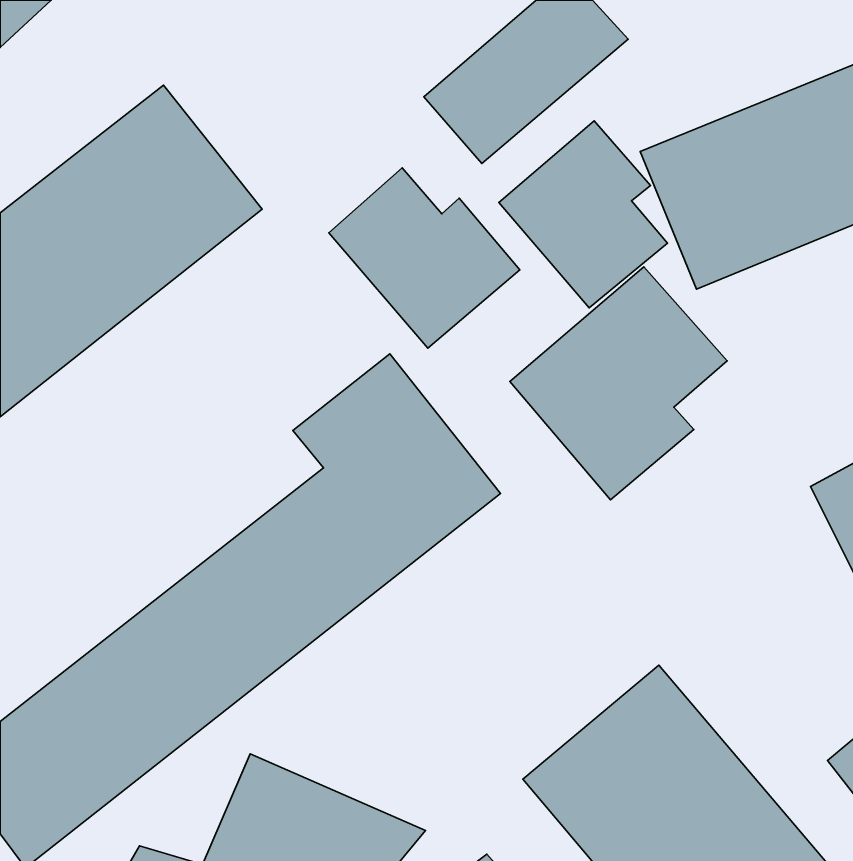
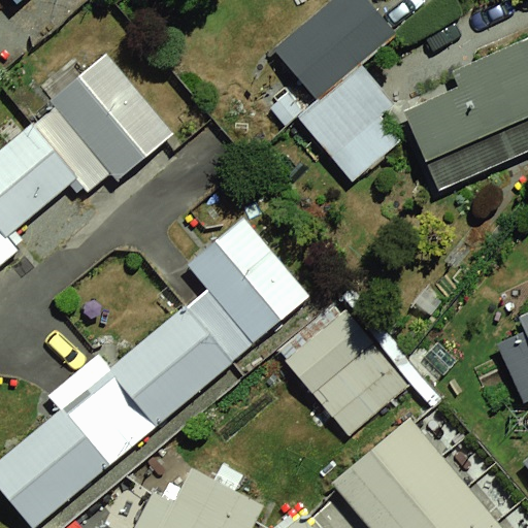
building: [329,168,520,348] -> none
building: [510,267,727,500] -> none
building: none -> [269,309,394,435]

